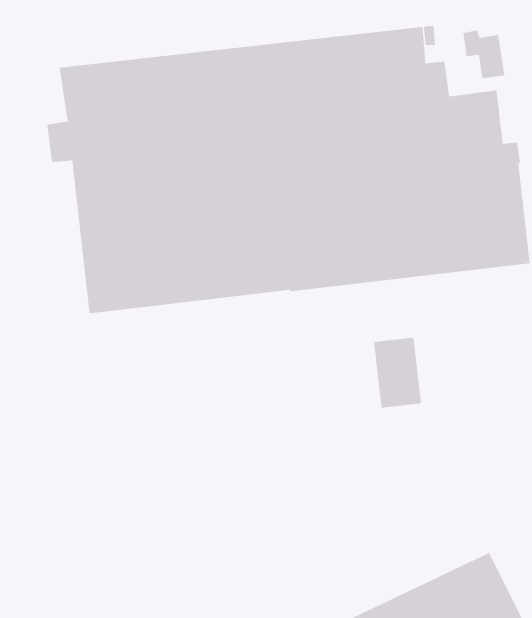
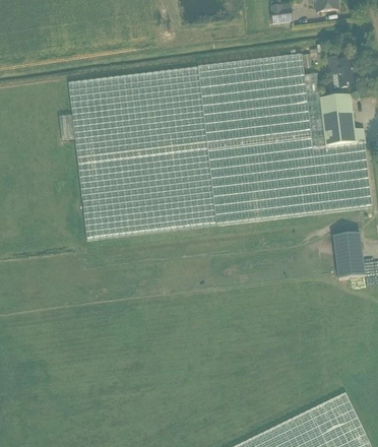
building: [373,337,422,408] -> [333,232,365,277]

